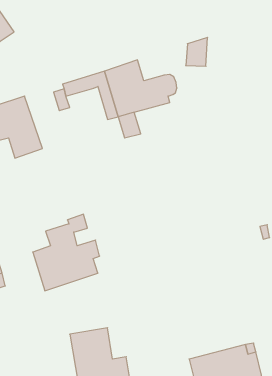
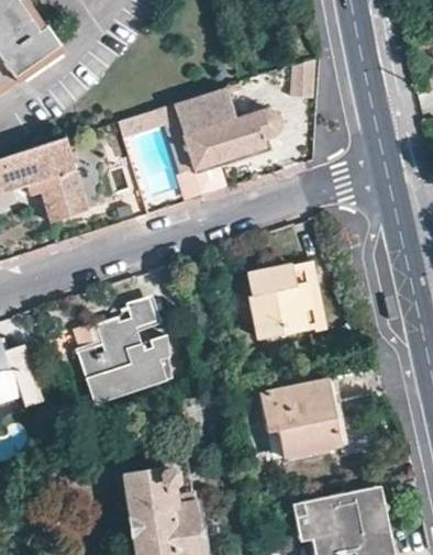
building: none -> [245,262,326,341]
building: none -> [260,375,342,458]

